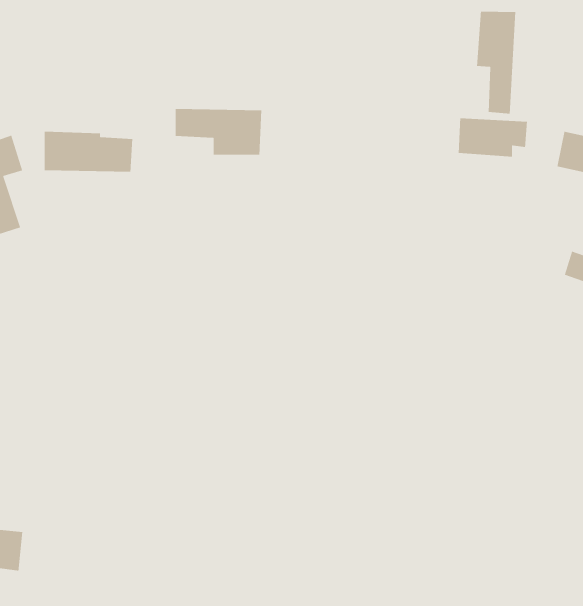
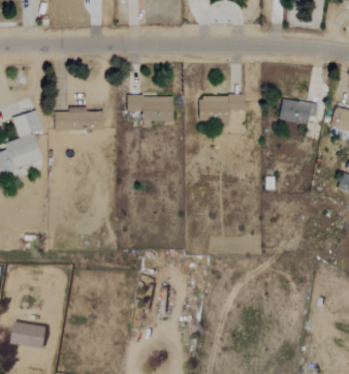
building: [476,11,516,114] -> none
building: none -> [200,95,245,121]

